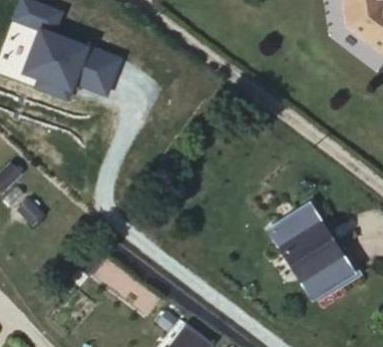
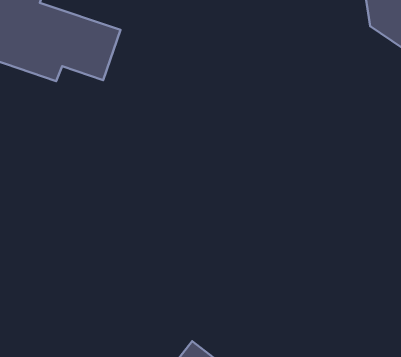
building: [268,220,351,311] -> none

